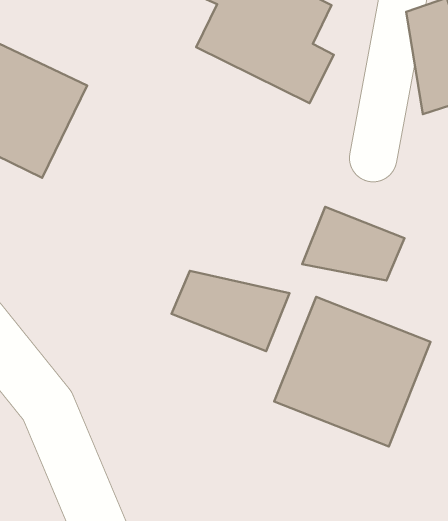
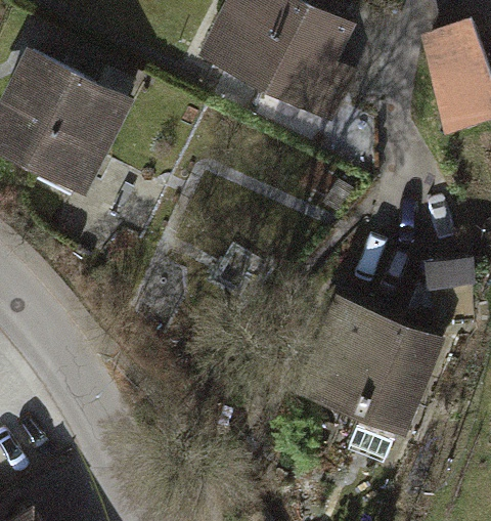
building: [302,207,405,281] -> none
building: [171,271,290,351] -> none

